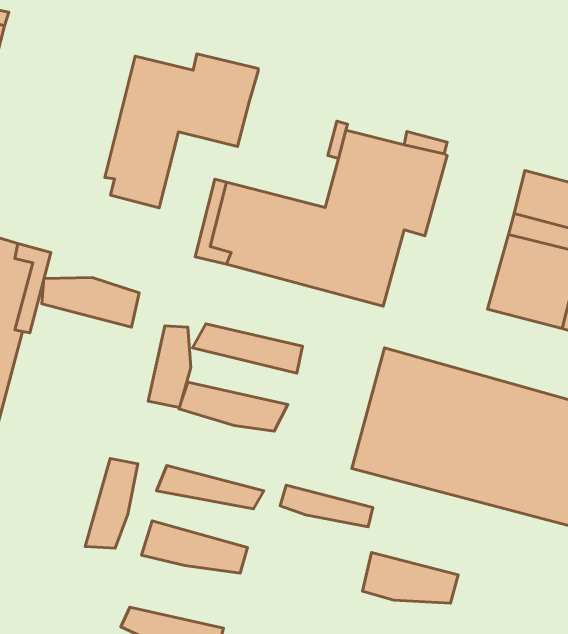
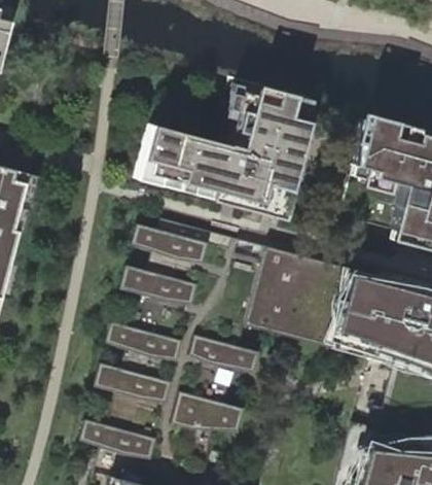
building: [105,54,258,208] -> none
building: none -> [265,162,294,220]
building: [42,278,139,327] -> none
building: [148,326,191,407] -> none
building: [85,459,138,548] -> none
building: [363,552,458,603] -> [176,394,242,429]

